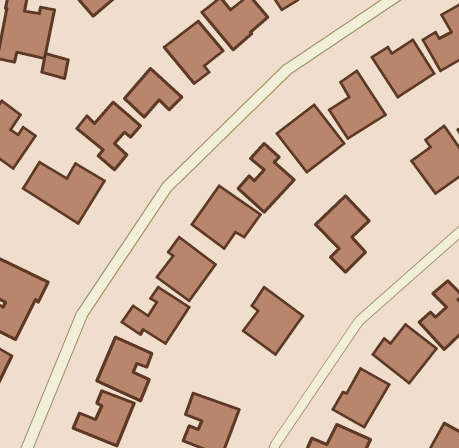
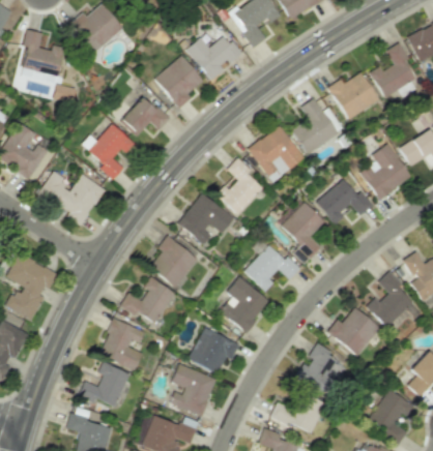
building: none -> [316,178,373,221]
building: none -> [244,244,300,291]
building: none -> [190,327,240,373]

